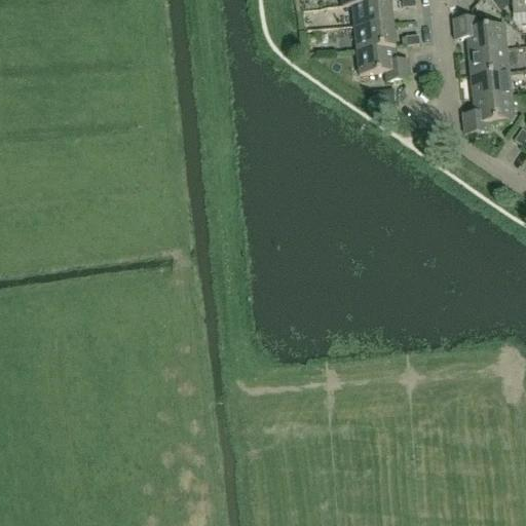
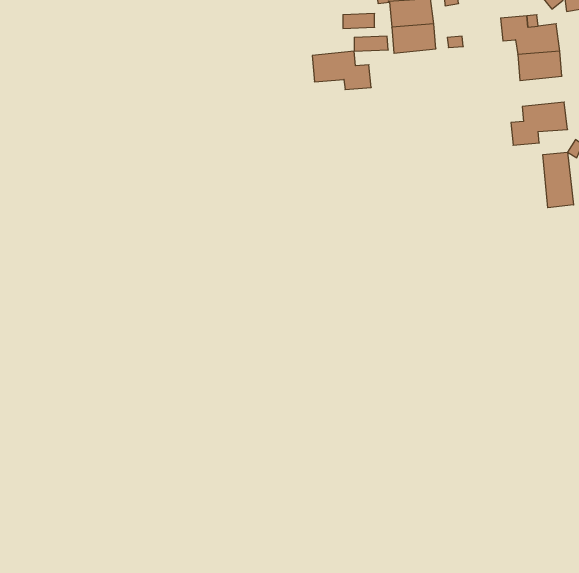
building: [358,44,411,79] -> [312,51,371,90]
building: [472,69,512,97] -> none
building: none -> [543,152,574,208]

